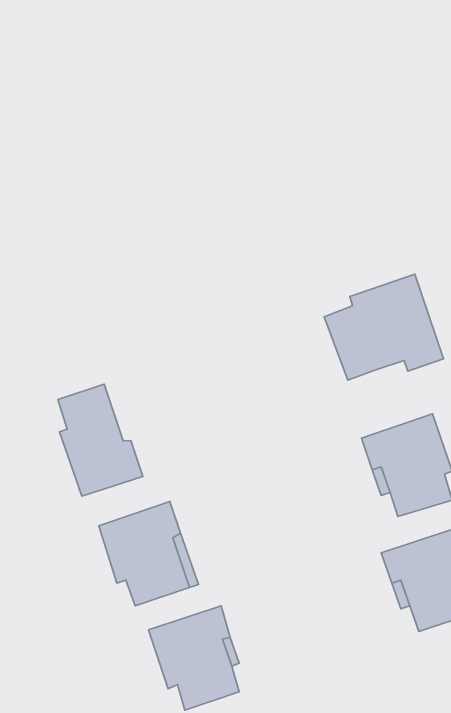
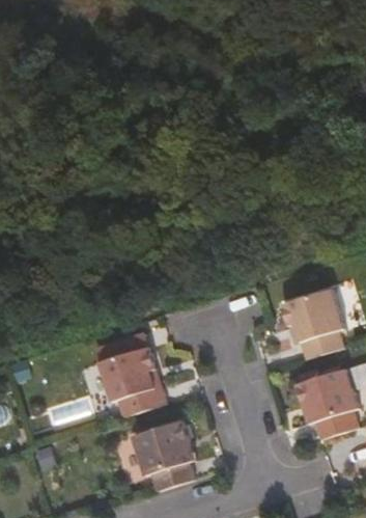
building: [324,274,444,380] -> none
building: [58,384,143,496] -> none

